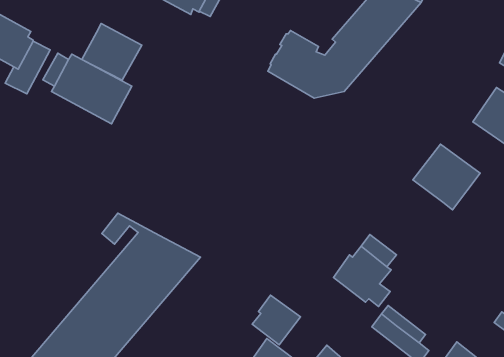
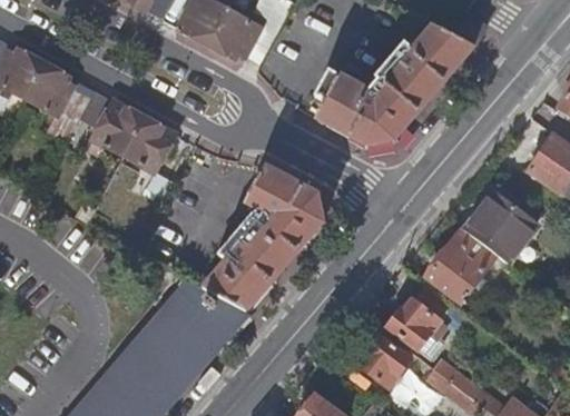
building: [82,23,142,80] -> none
building: none -> [204,166,325,309]
building: none -> [426,227,498,303]
building: [252,295,300,345] -> [361,336,411,387]

